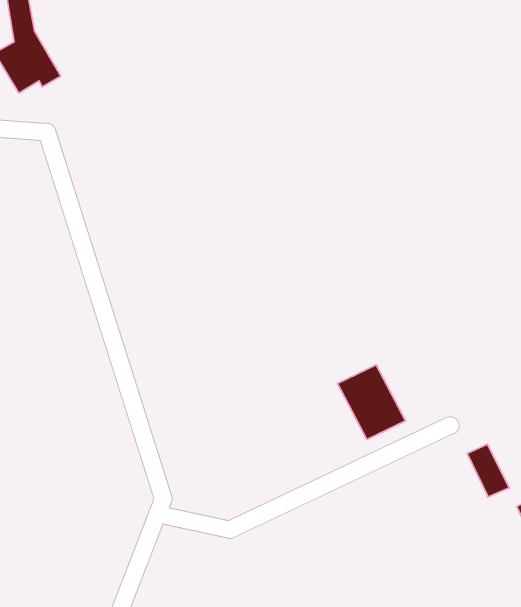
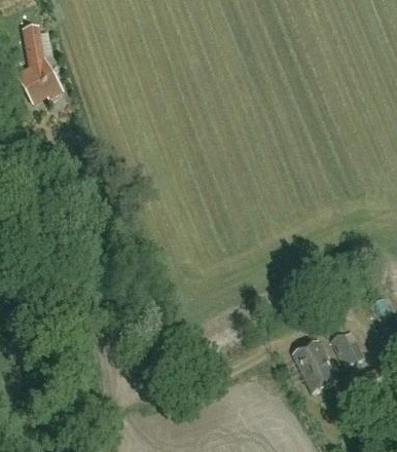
building: [337,365,406,440] -> [295,341,340,390]

